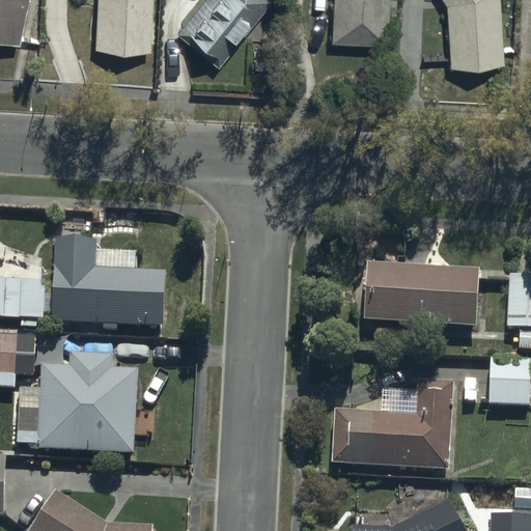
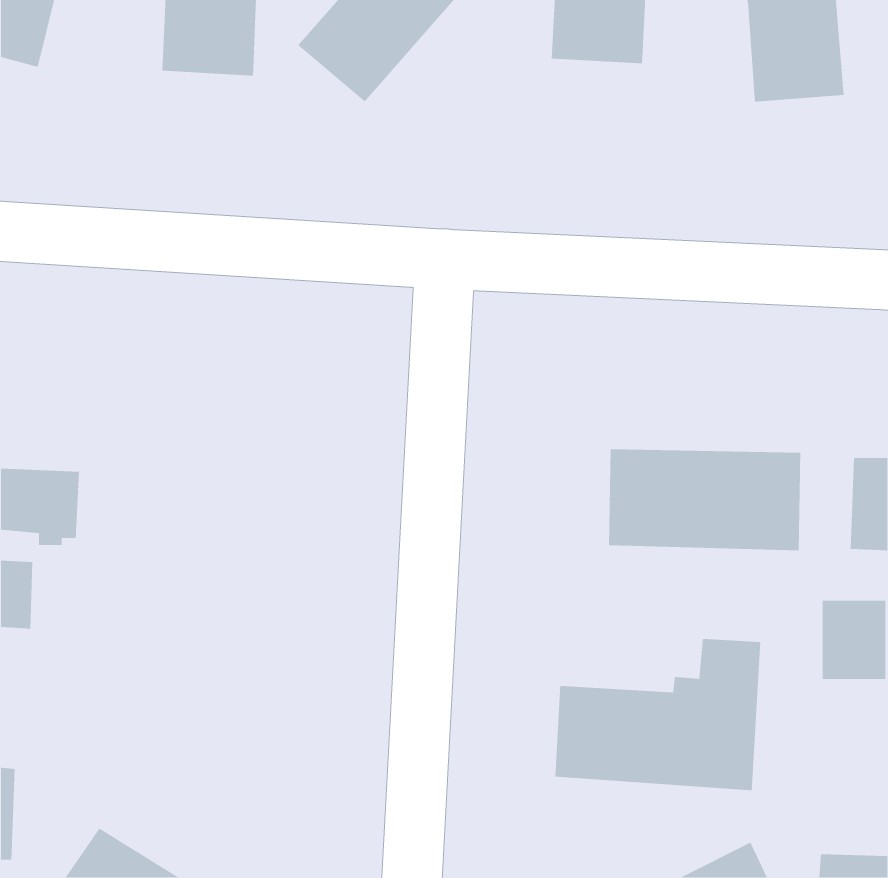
building: [51,229,166,319] -> none
building: [18,356,141,454] -> none

